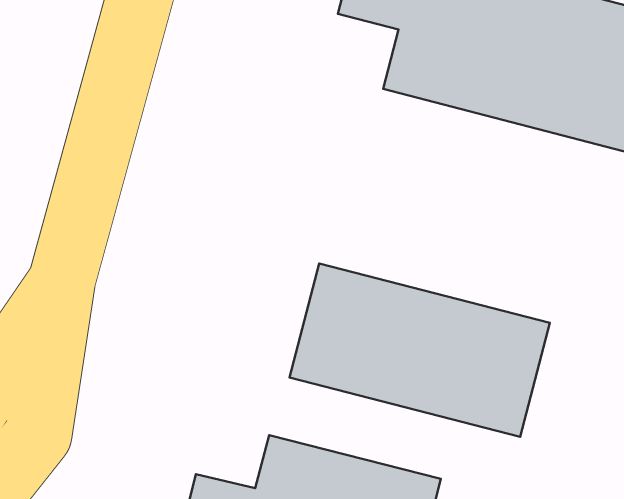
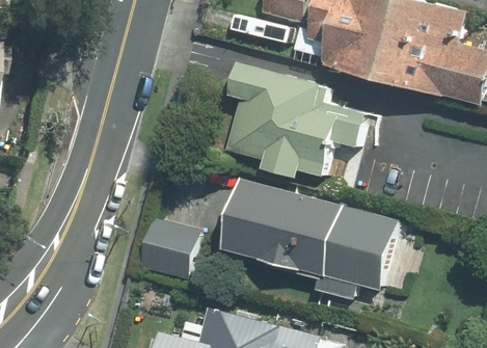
building: none -> [229,70,370,187]
building: none -> [137,218,195,275]

